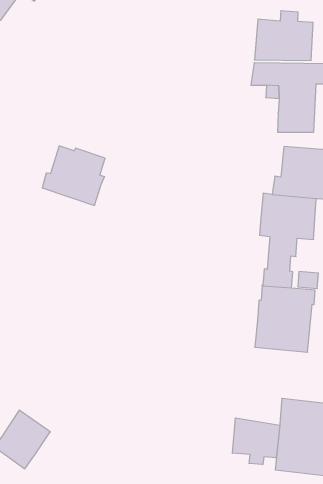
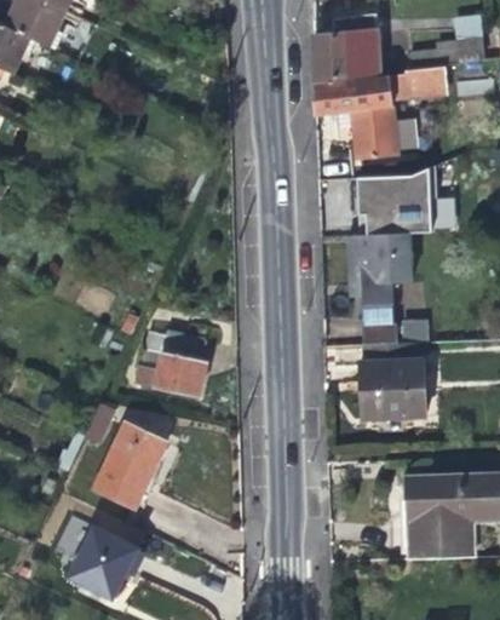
building: [42,146,105,205] -> [136,332,207,396]
building: none -> [97,424,165,507]
building: [232,418,280,465] -> none

